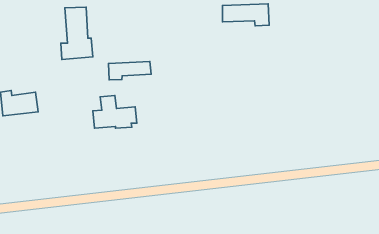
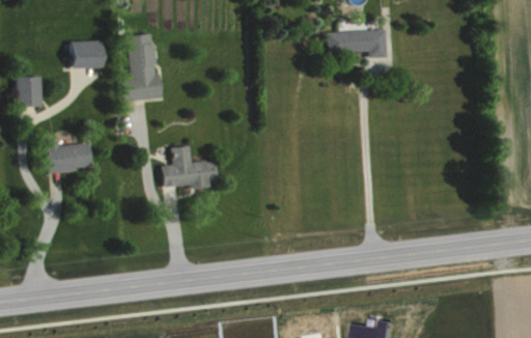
building: none -> [62,40,94,68]
building: [108,62,151,80] -> none

